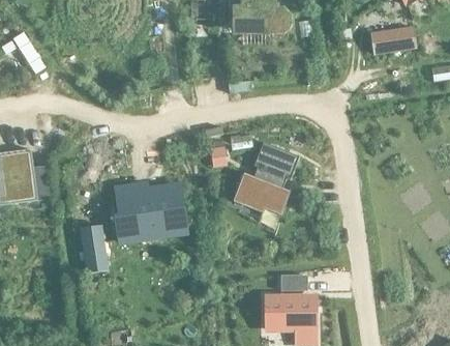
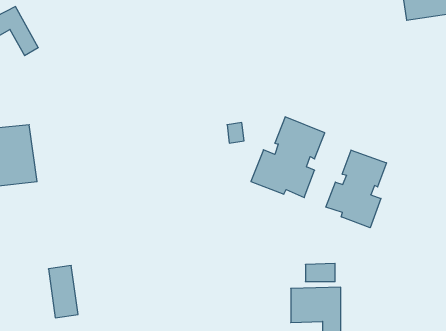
building: none -> [326,150,386,228]
building: [116,184,184,238] -> none
building: [80,224,107,271] -> [48,266,78,318]

